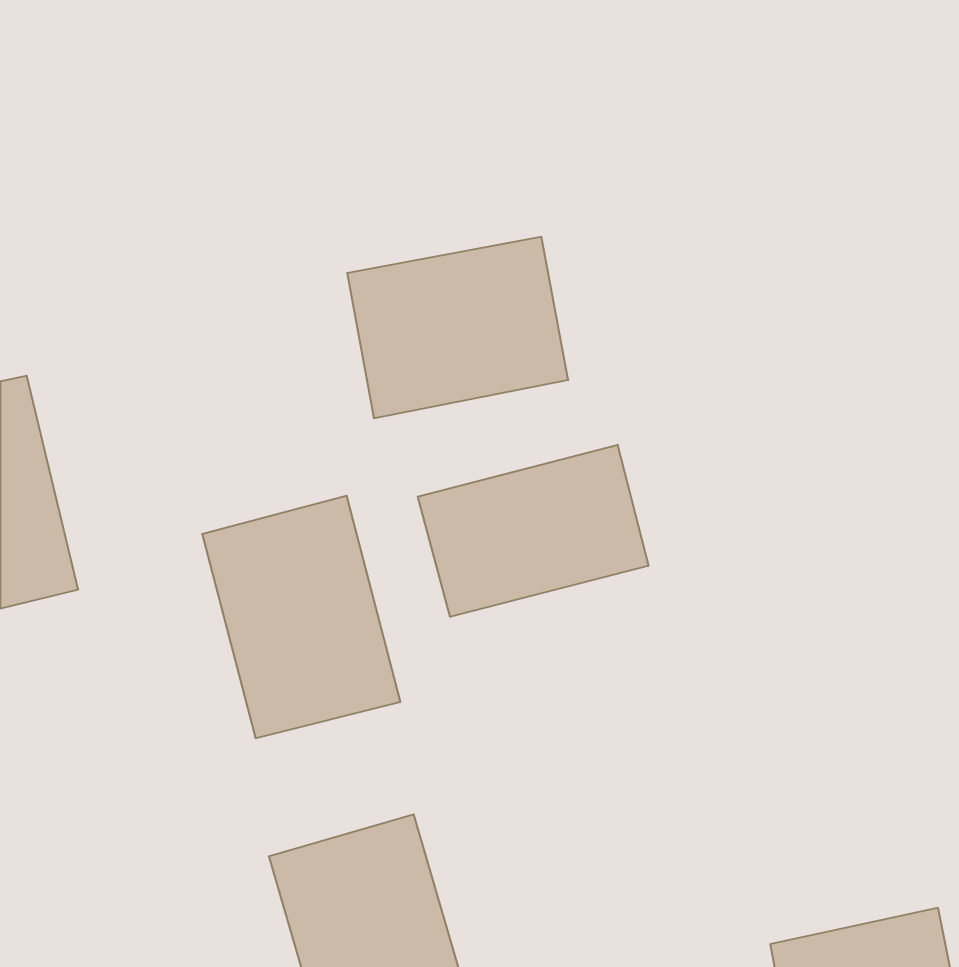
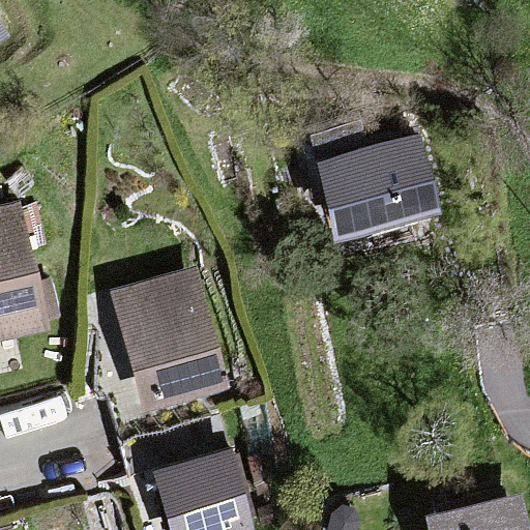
building: [347,237,568,418] -> [317,135,437,233]
building: [418,445,648,617] -> none

